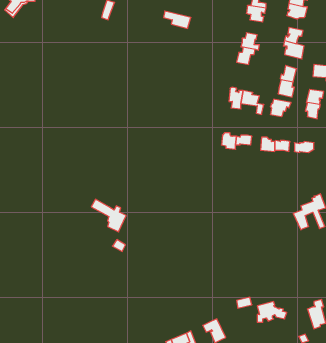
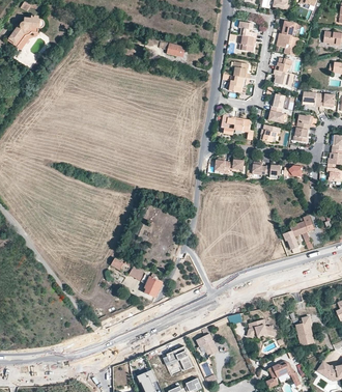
building: [91,199,126,232] -> [130,268,163,299]

